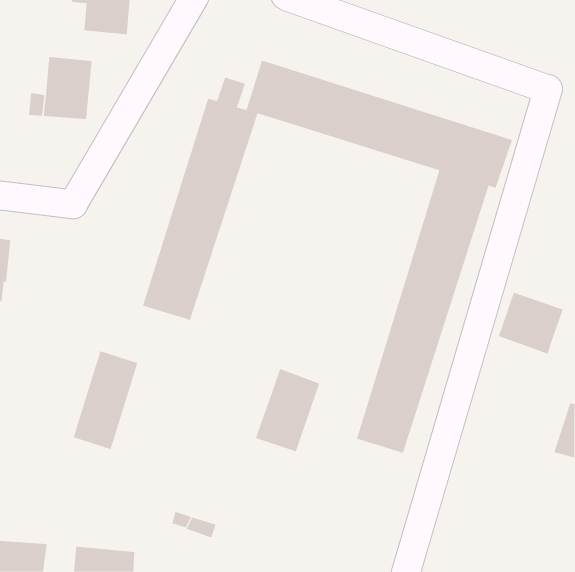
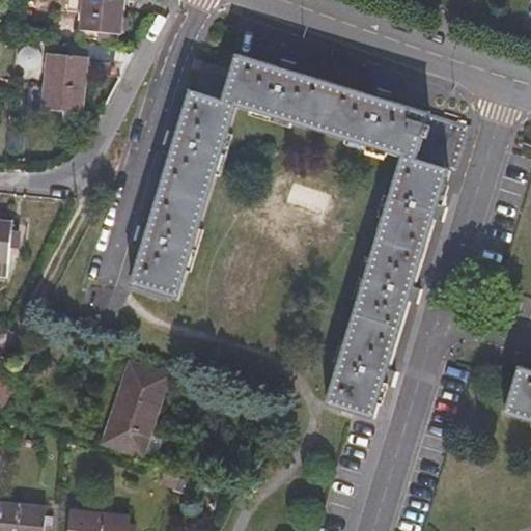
building: [498,292,564,354] -> none
building: [73,351,138,450] -> [104,360,164,451]
building: [255,368,320,452] -> none

